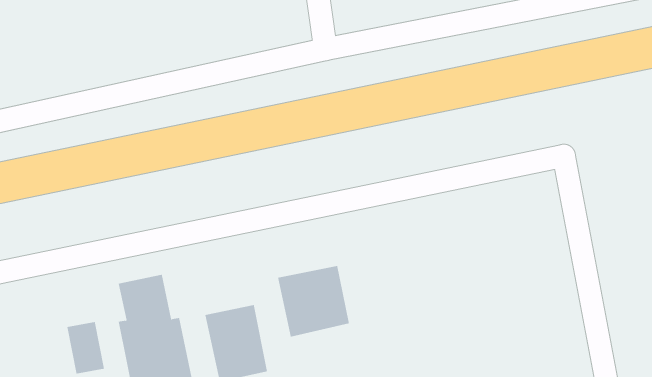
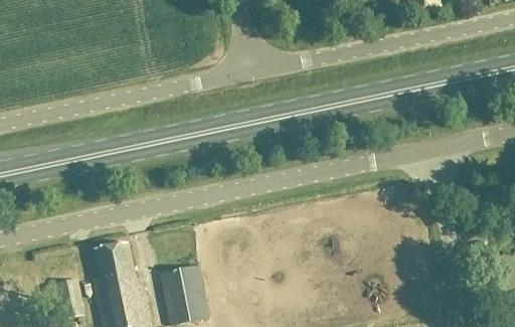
building: [278,265,350,338] -> none

